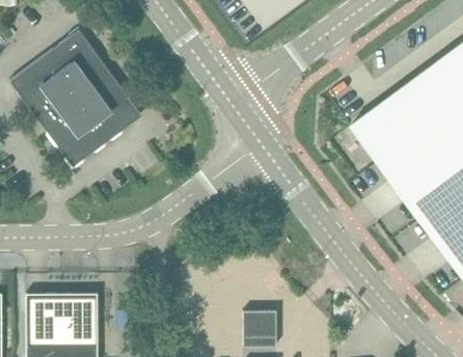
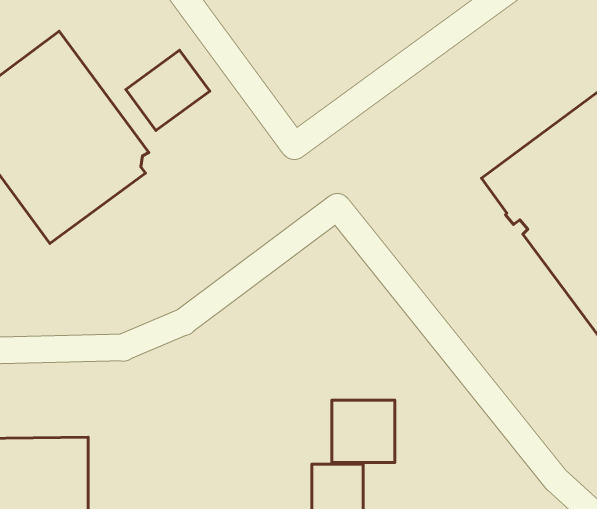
building: none -> [126,50,210,131]
building: none -> [332,400,395,463]

